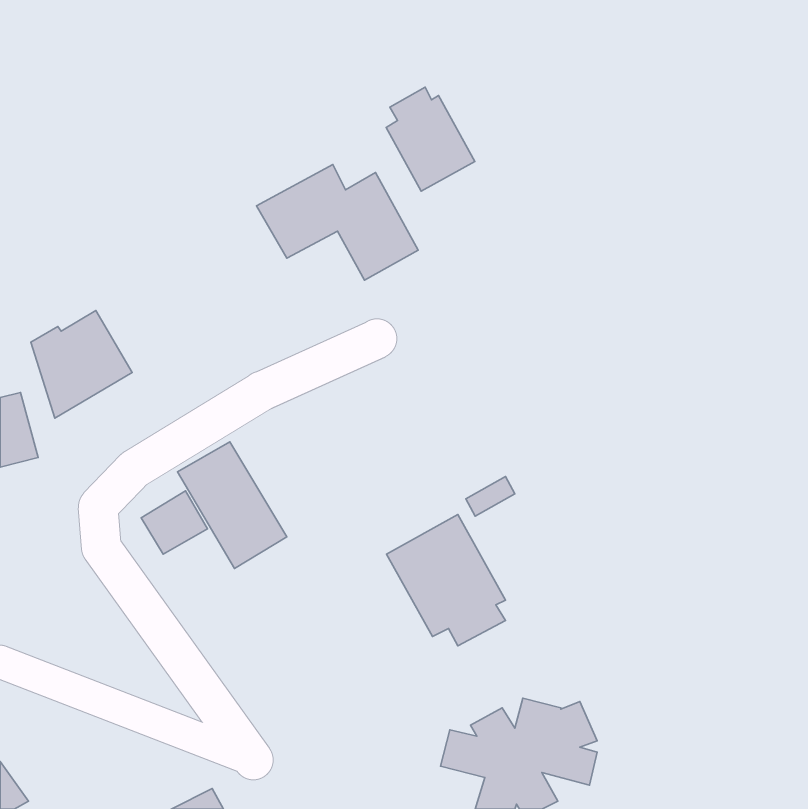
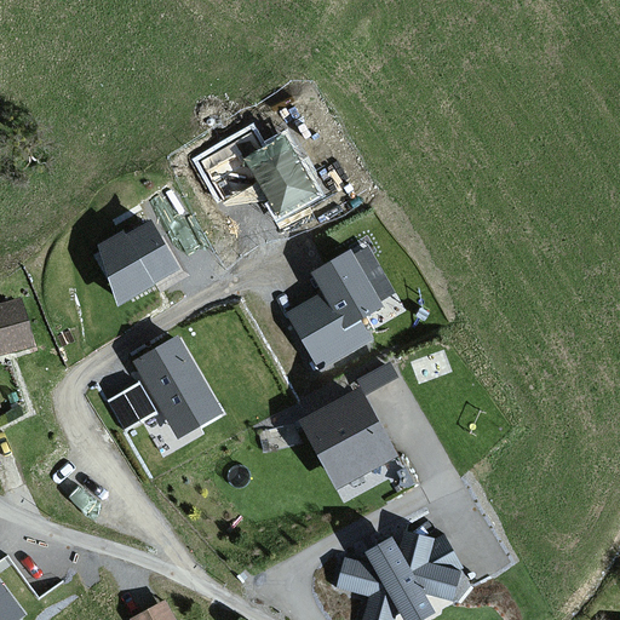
building: [386,87,475,191] -> none
building: [31,311,132,418] -> [103,220,180,303]
building: none -> [291,251,383,363]

